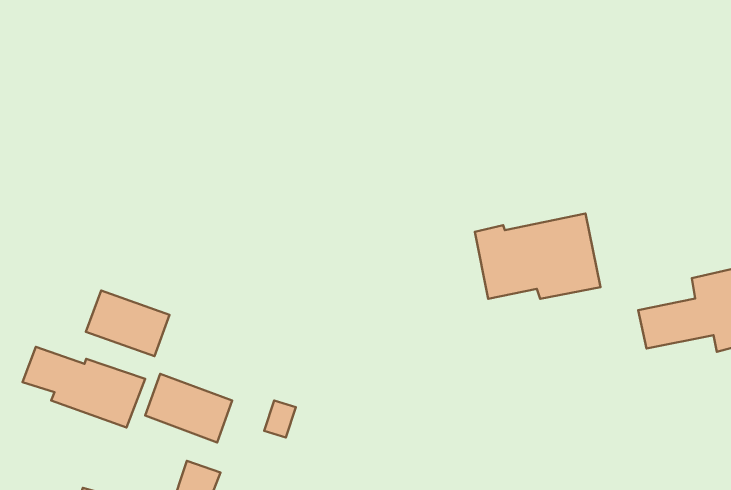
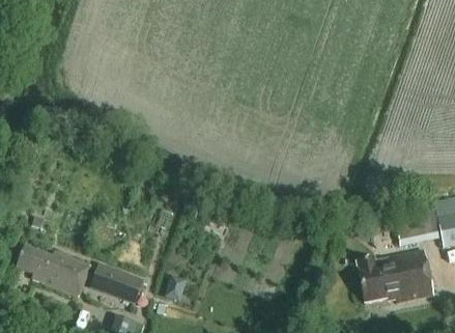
building: [475,214,601,299] -> [357,249,434,302]
building: [86,291,170,356] -> none

